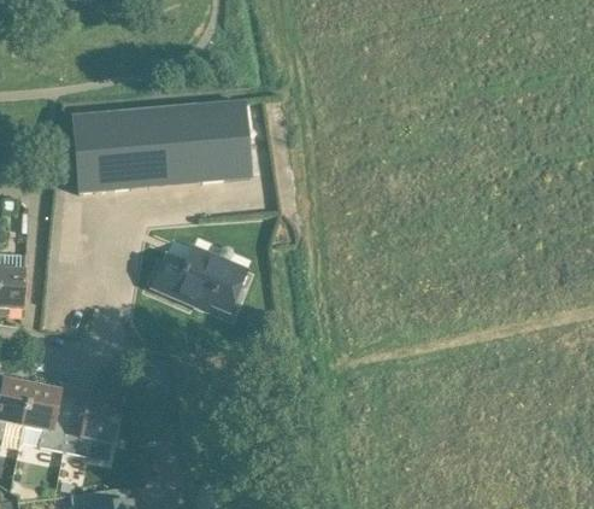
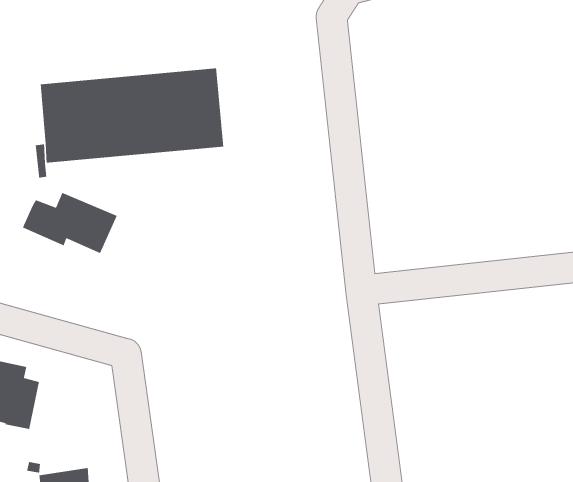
building: [152,250,245,310] -> [22,192,118,254]
building: [63,394,120,458] -> none

